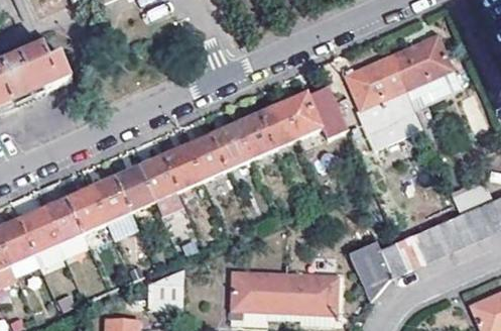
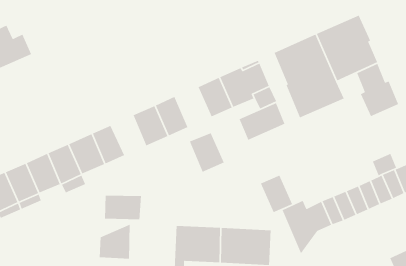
building: none -> [356,63,399,117]
building: [232,115,272,160] -> [189,132,225,173]
building: none -> [238,102,286,141]
building: [160,146,200,192] -> none
building: none -> [260,174,293,213]
building: none -> [104,195,142,220]

